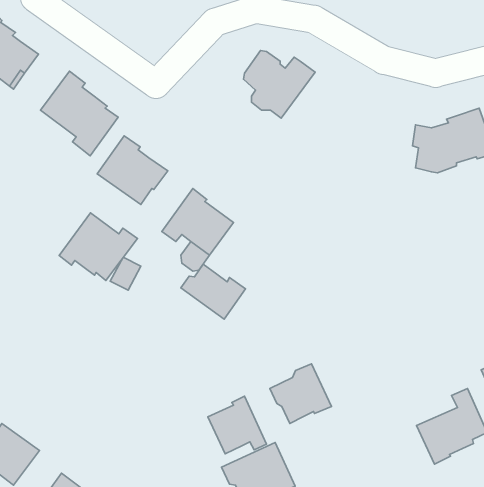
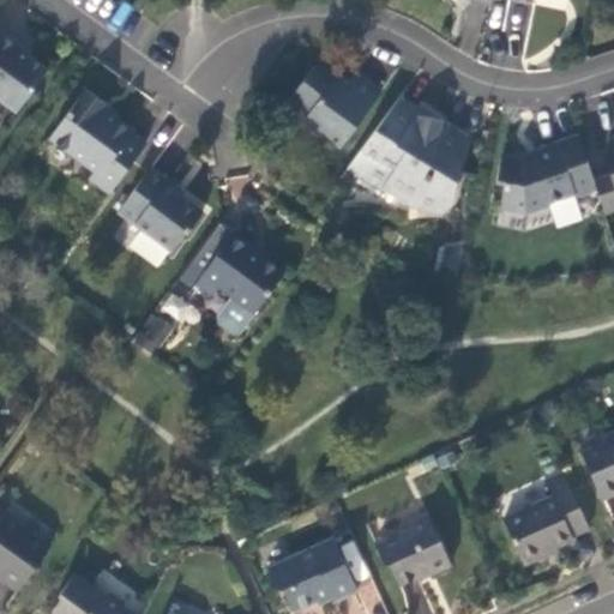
building: none -> [348,97,468,211]
building: [59,213,137,280] -> none
building: [181,264,246,319] -> none
building: [270,364,331,423] -> [375,513,450,585]
building: [208,396,267,454] -> none

